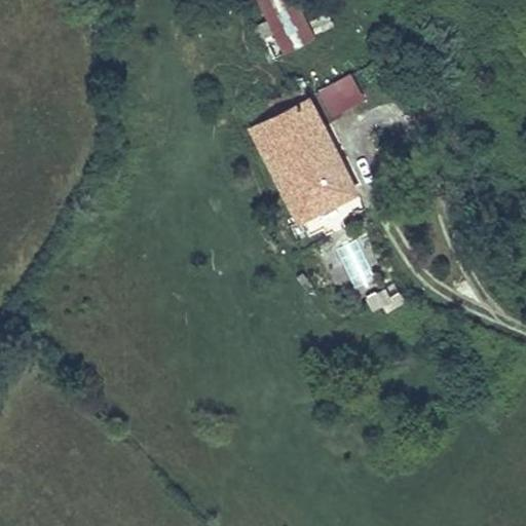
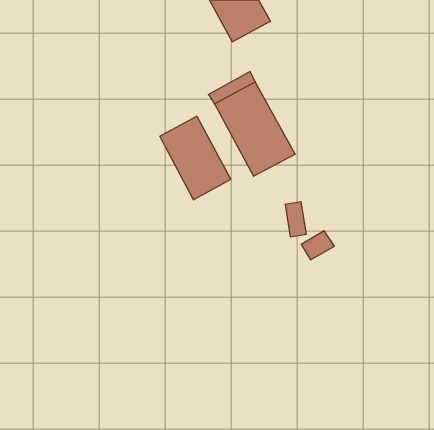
building: [311,77,364,123] -> none
building: none -> [160,116,231,200]

